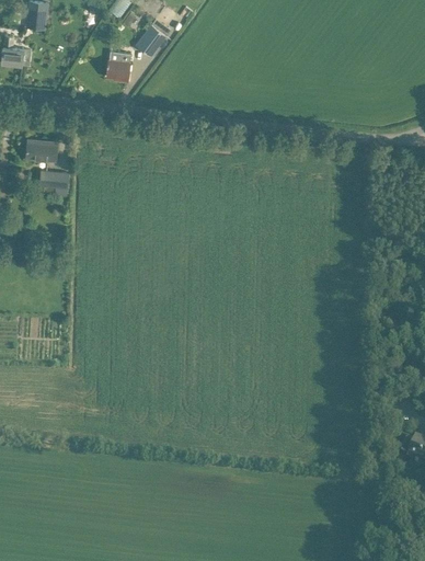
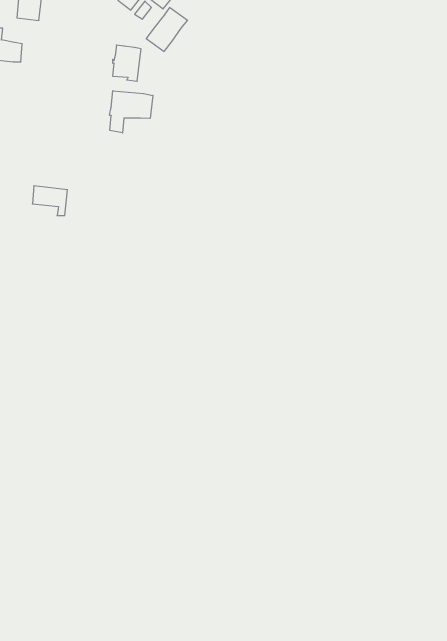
building: none -> [110,91,153,133]
building: [25,140,57,161] -> none

